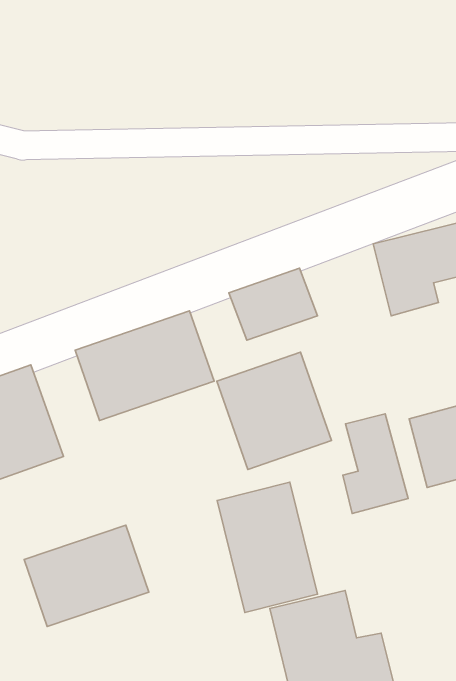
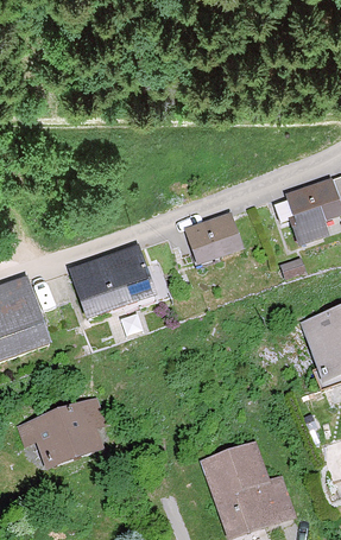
building: [217,352,331,470] -> none
building: [343,414,408,514] -> none
building: [217,482,317,612] -> none

